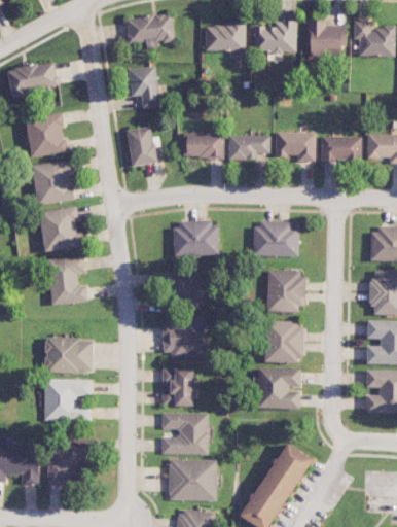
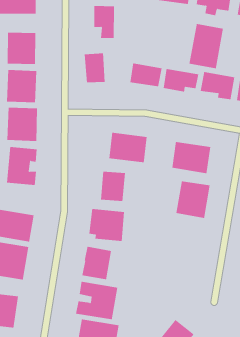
building: none -> [189,23,223,69]
building: [265,321,303,362] -> none
building: [257,368,301,410] -> none

